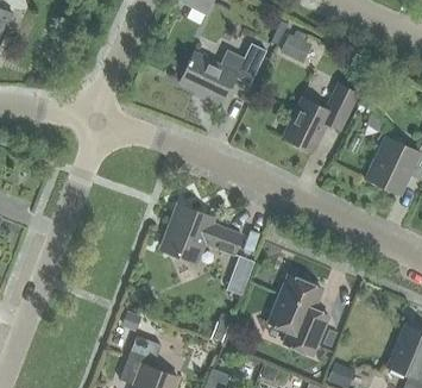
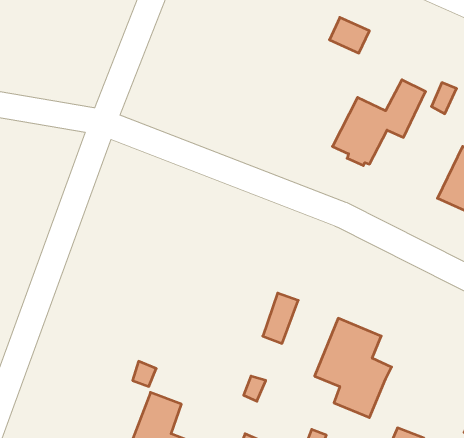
building: [179,44,266,108] -> none
building: [162,206,243,262] -> none

